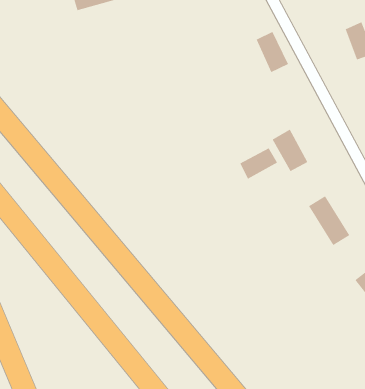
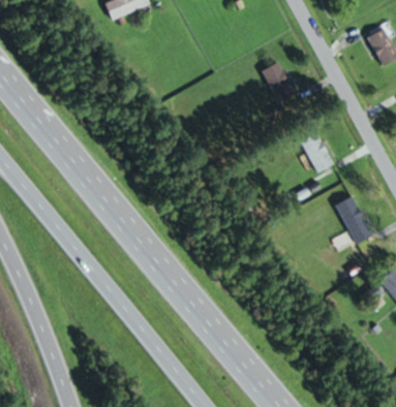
building: [256,31,289,73] -> [263,61,295,101]
building: [240,147,278,179] -> none

